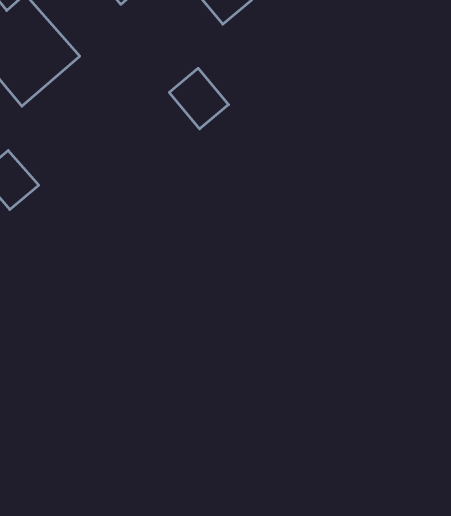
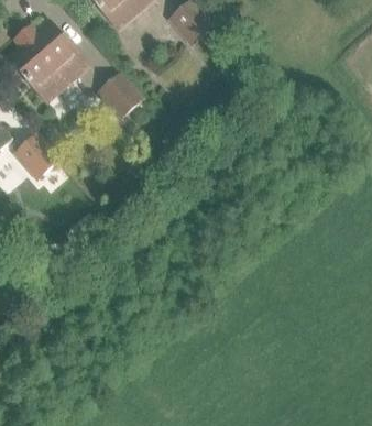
building: [169,68,229,129] -> [99,74,142,118]

